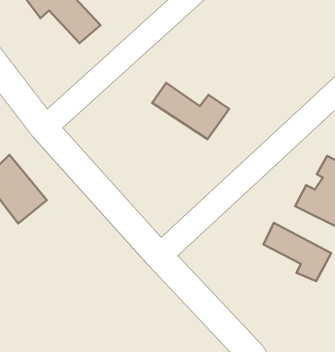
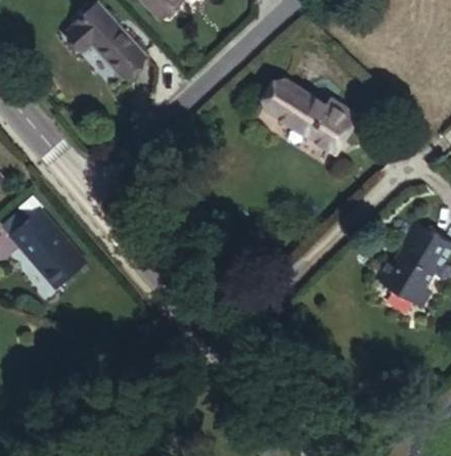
building: [152,83,229,139] -> [265,82,356,148]
building: [263,223,331,281] -> none

